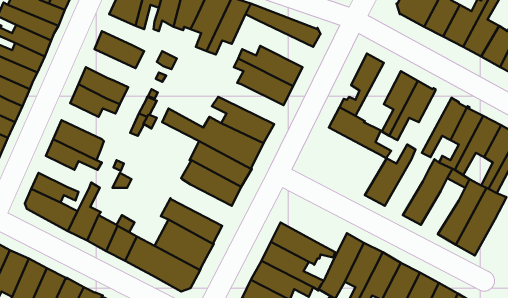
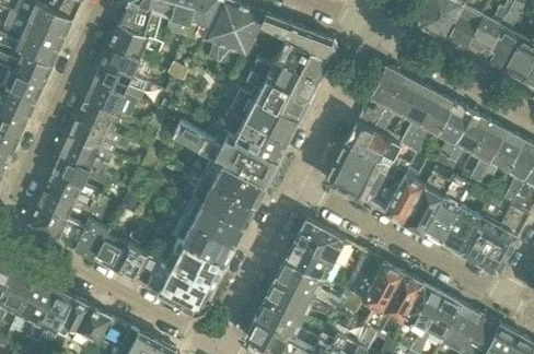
building: none -> [111,25,163,57]
building: none -> [268,32,329,80]
building: none -> [94,61,146,101]
building: none -> [373,75,420,135]
building: none -> [231,97,299,139]
building: none -> [436,104,473,168]
building: none -> [69,117,129,154]
building: none -> [326,142,405,212]
building: none -> [45,172,102,204]
building: none -> [404,175,450,233]
building: none -> [183,196,245,244]
building: none -> [441,208,480,252]
building: none -> [295,220,350,263]

